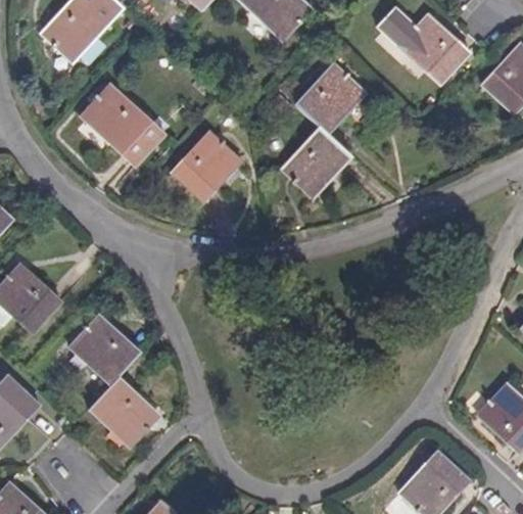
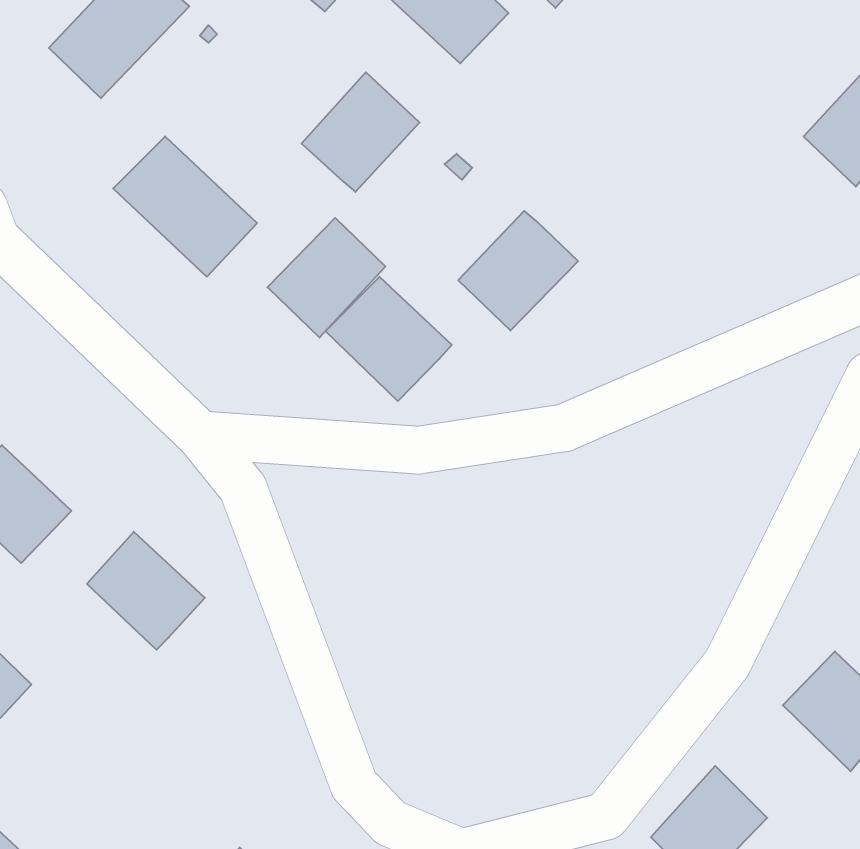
building: [383,10,471,82] -> none
building: [298,60,368,131] -> [302,72,420,192]
building: none -> [325,277,452,401]
building: [84,376,153,445] -> none

